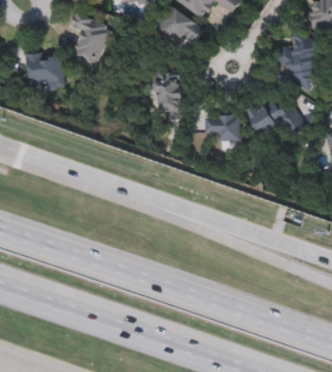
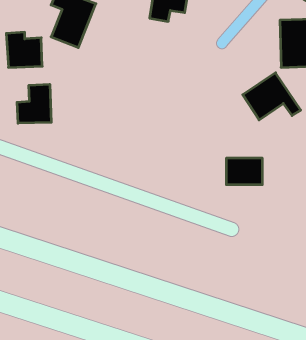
building: [155,70,180,111] -> none
building: none -> [17,84,51,123]
building: [205,115,239,139] -> [226,158,262,185]

